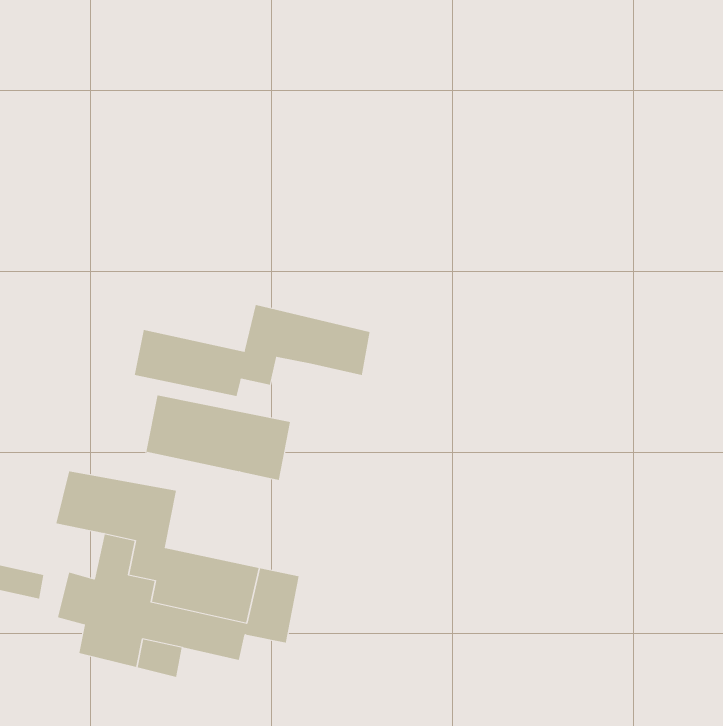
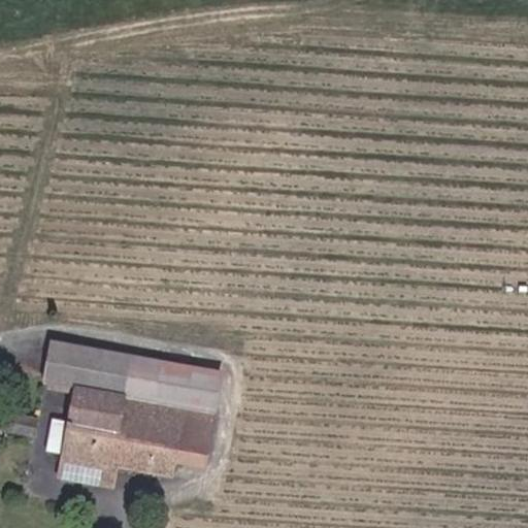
building: [134,304,370,397] -> none
building: [146,395,291,480] -> [120,355,225,417]

